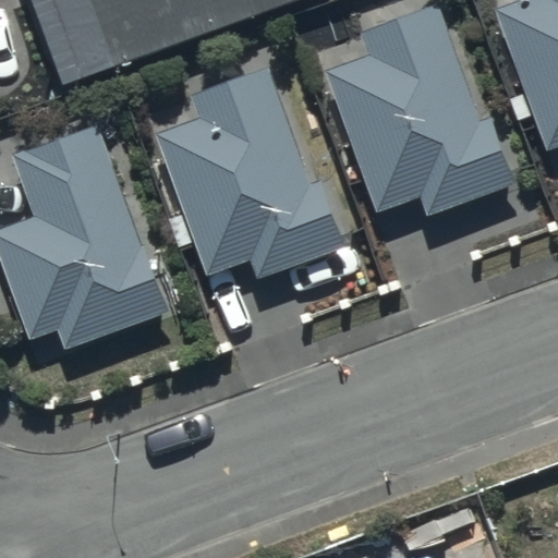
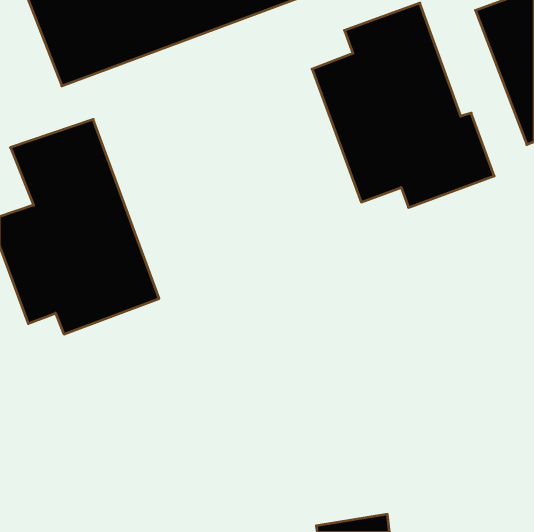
building: [155,65,347,278] -> none

